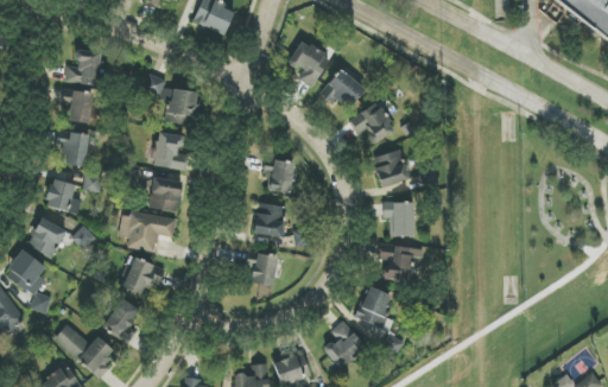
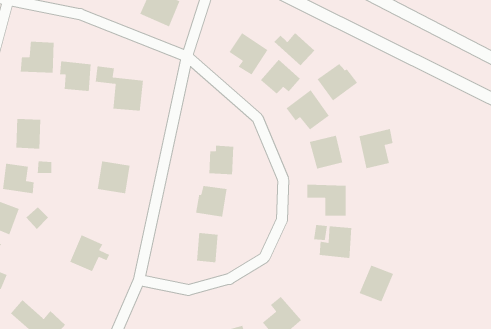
building: none -> [273,32,315,66]
building: none -> [317,63,358,101]
building: [63,89,97,122] -> [59,61,92,92]
building: [152,132,189,170] -> none
building: none -> [358,128,393,169]
building: [119,211,176,252] -> none
building: [355,286,393,326] -> [358,265,394,303]
building: [102,298,139,344] -> none

